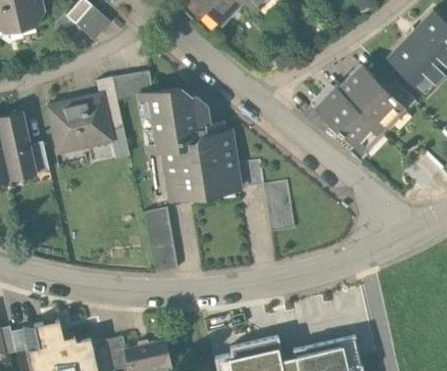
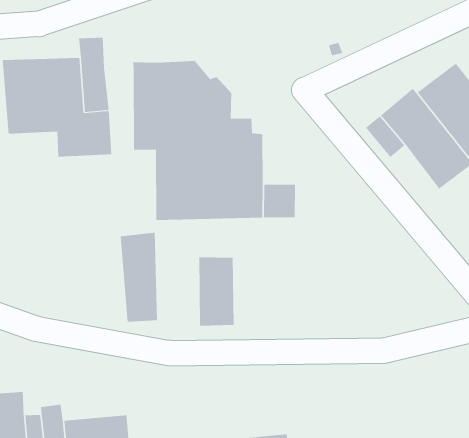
building: [113,72,153,99] -> none
building: [264,182,296,233] -> [198,257,234,326]

